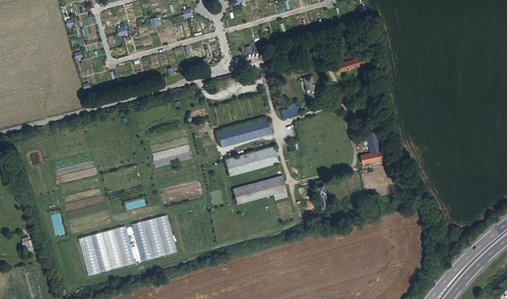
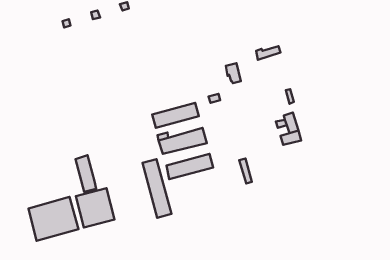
building: none -> [76,155,96,192]
building: none -> [142,159,171,218]

